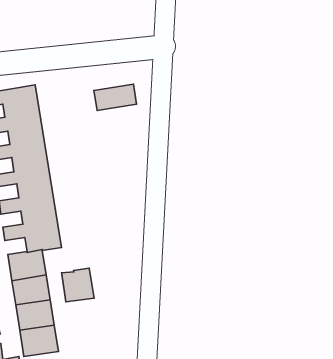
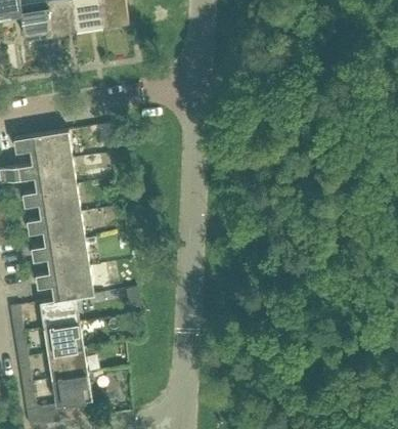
building: [94,84,137,110] -> none
building: [61,268,94,302] -> none

